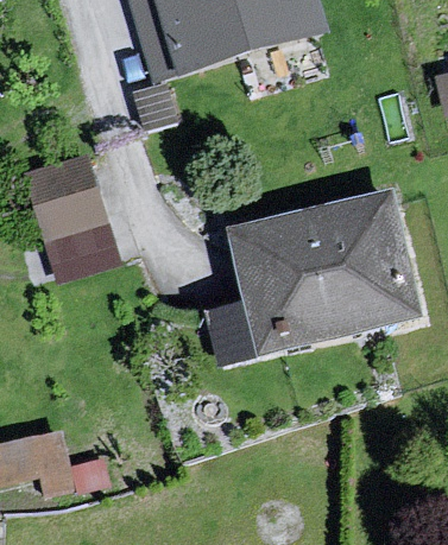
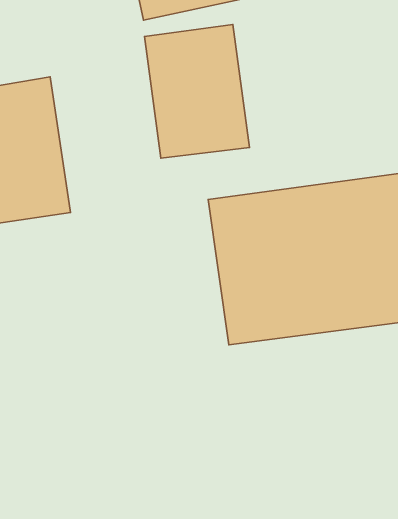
building: none -> [145,25,250,158]

